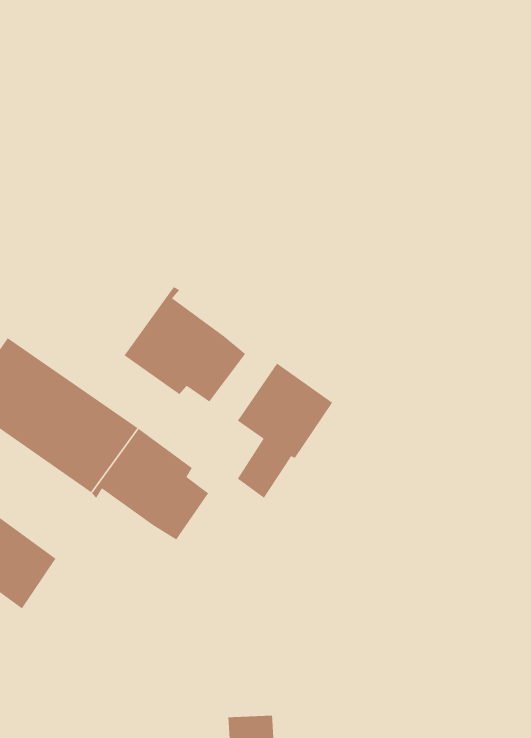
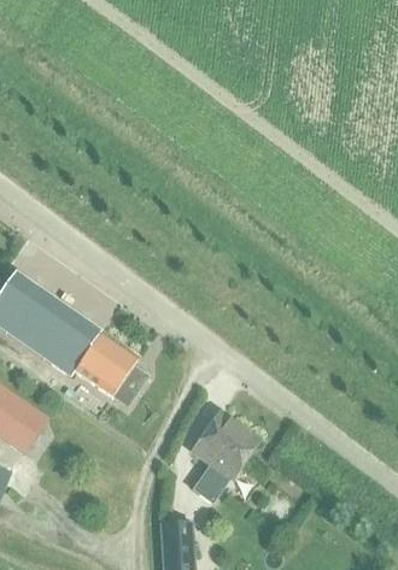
building: [124,286,246,402] -> none
building: [237,363,333,499] -> [192,412,256,503]

